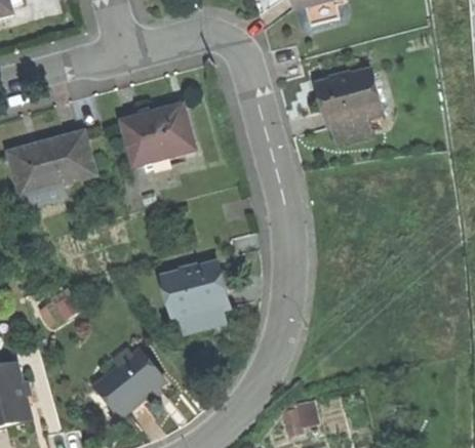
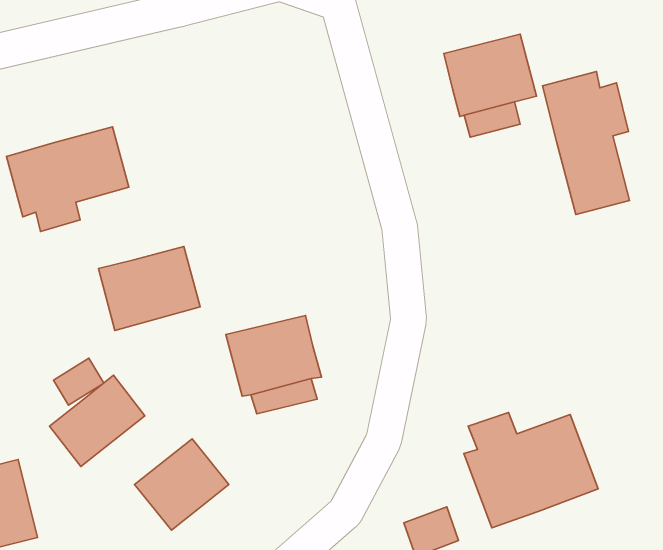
building: none -> [543,71,630,215]
building: [122,106,193,164] -> [99,247,200,330]
building: none -> [49,375,145,467]
building: none -> [464,412,598,528]

